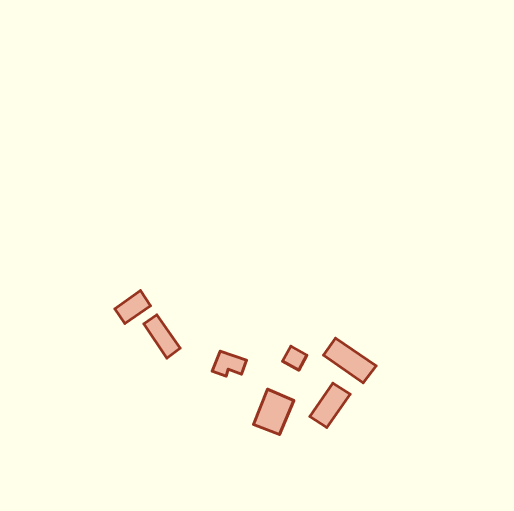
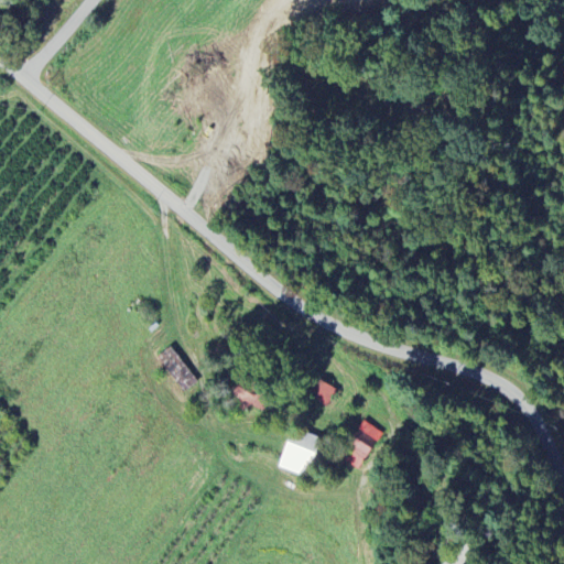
building: [115,290,150,323] -> none
building: [324,338,376,383] -> none

